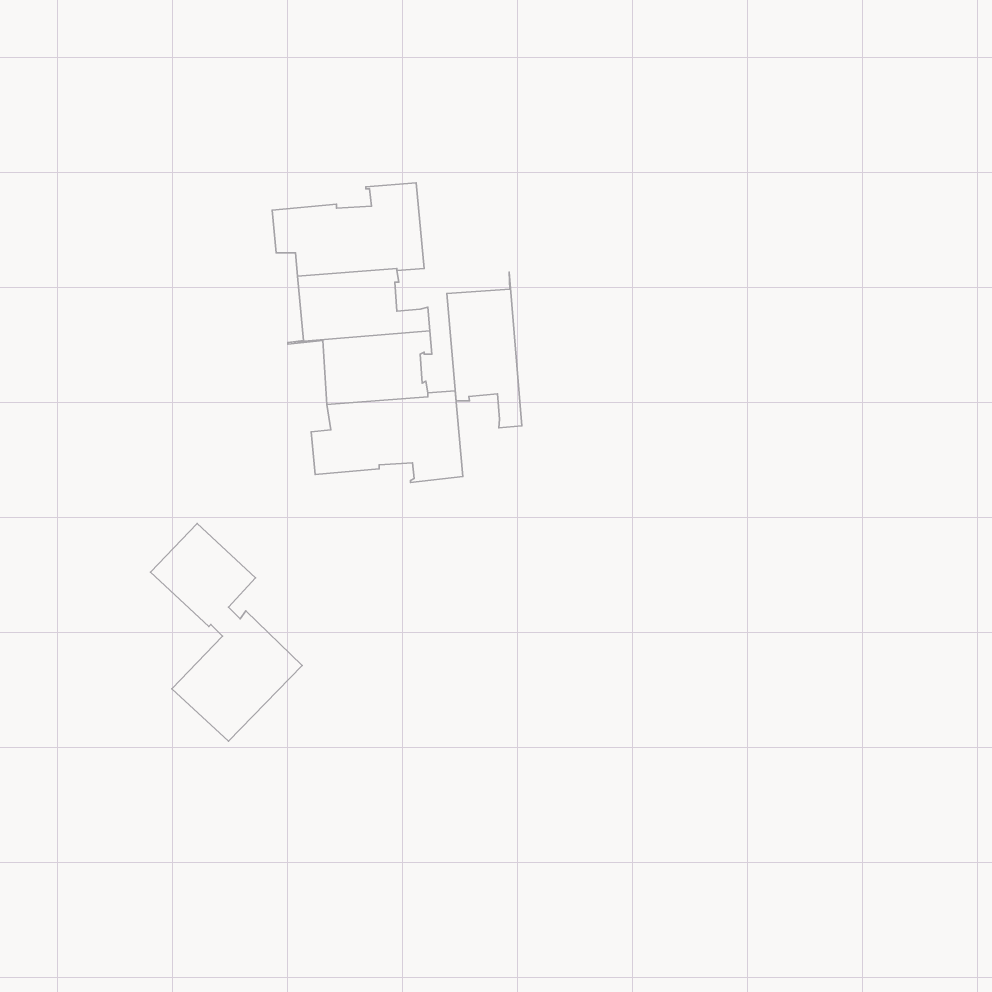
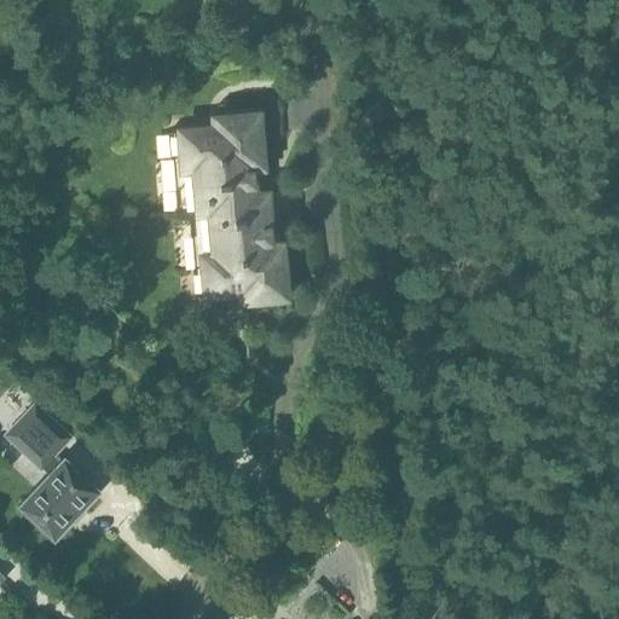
building: [447,272,522,428] -> none
building: [151,523,302,741] -> [7,403,102,538]

